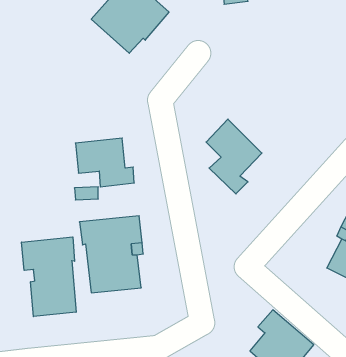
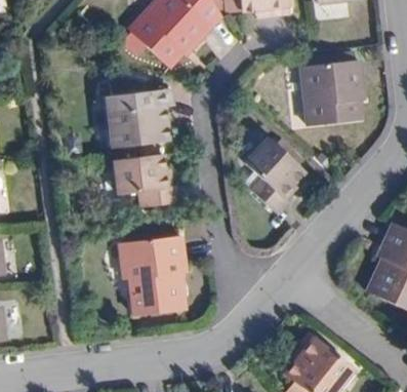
building: none -> [306,65,365,126]
building: none -> [105,83,171,148]
building: [22,237,76,317] -> none

